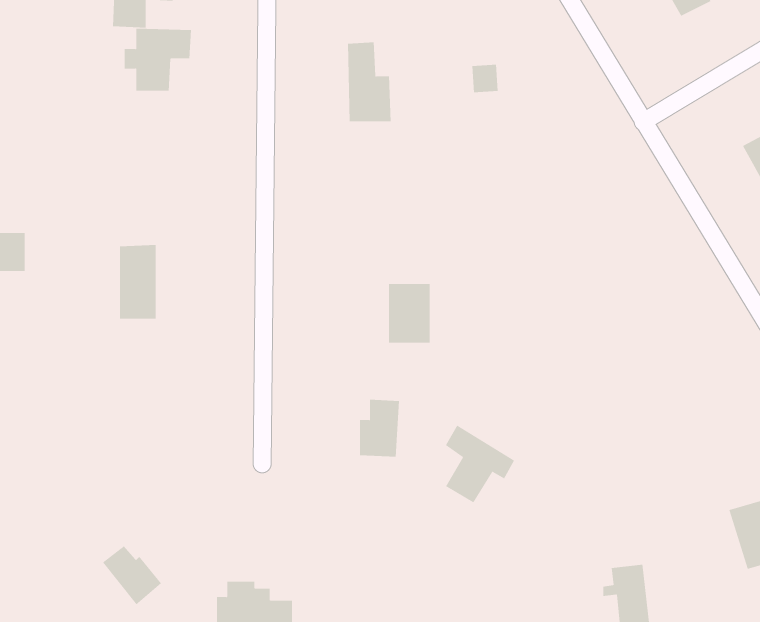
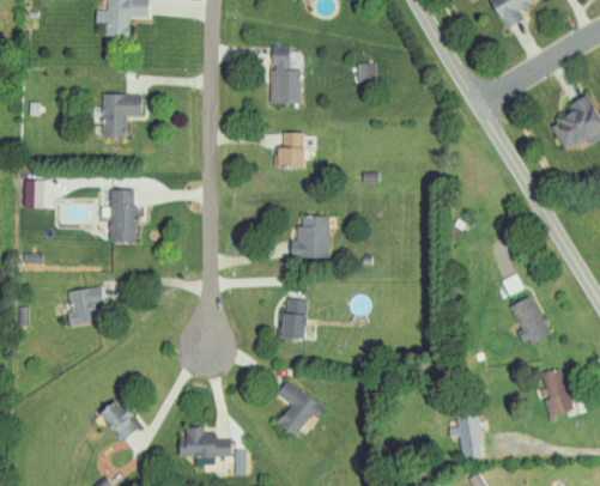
building: [124,28,192,91] -> [95,93,143,138]
building: none -> [275,132,305,168]
building: none -> [67,286,105,324]
building: none -> [510,294,552,347]
building: [445,425,515,503] -> [277,381,326,436]

